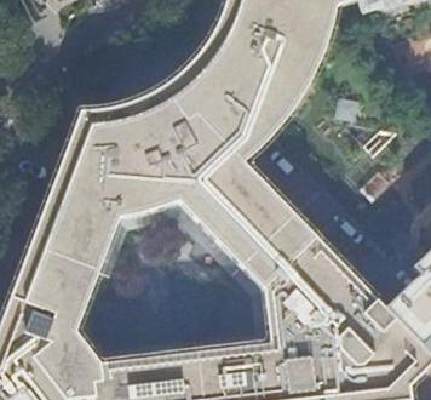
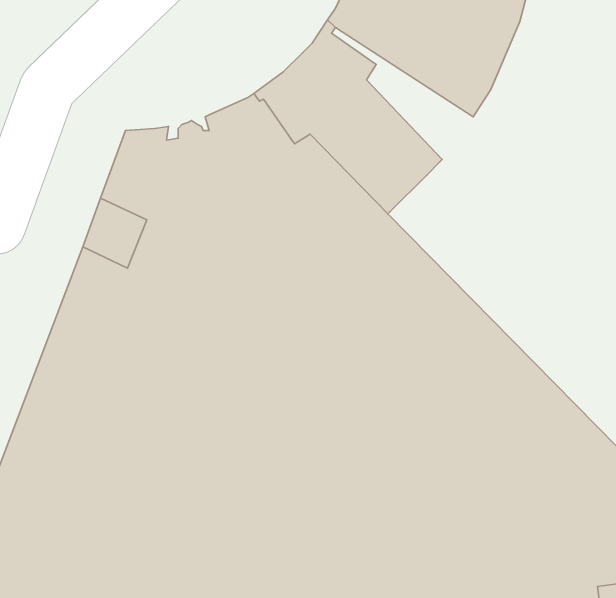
building: [212,41,300,124] -> none

